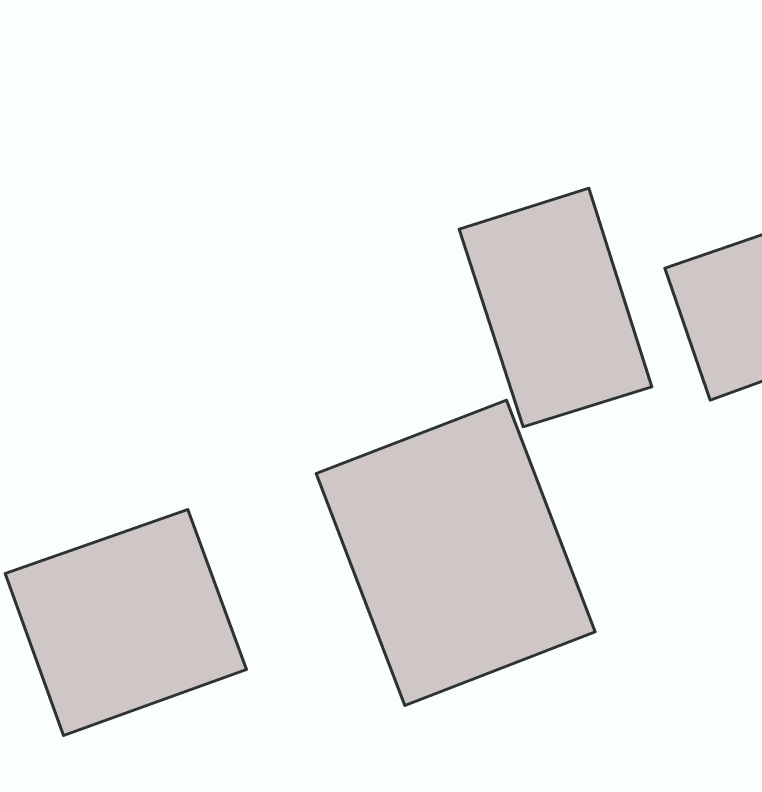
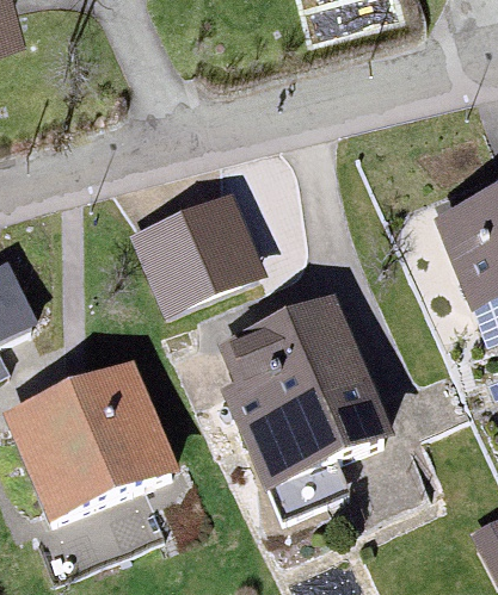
building: [459,188,652,427] -> none
building: none -> [142,199,266,312]

